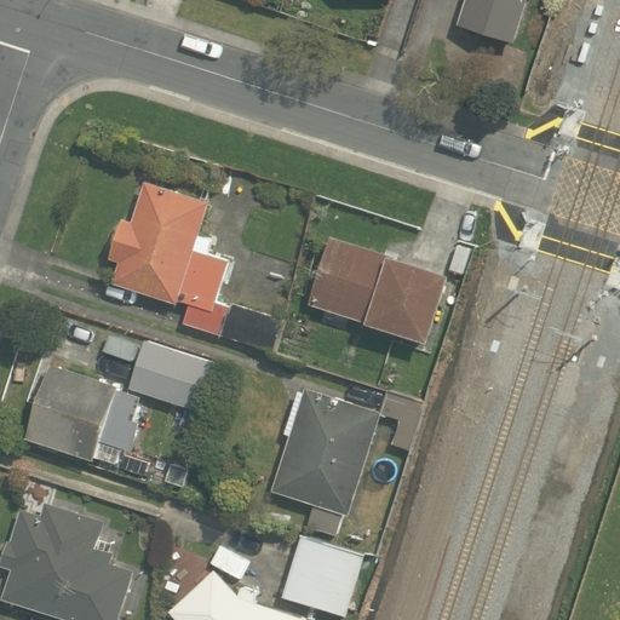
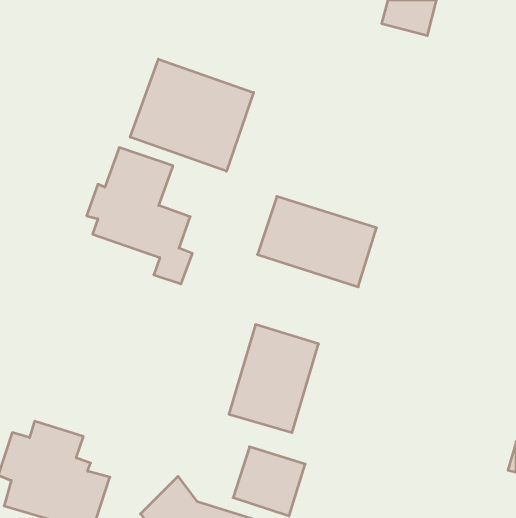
building: none -> [130,59,254,171]
building: [122,337,213,411] -> none
building: [23,364,115,463] -> none

